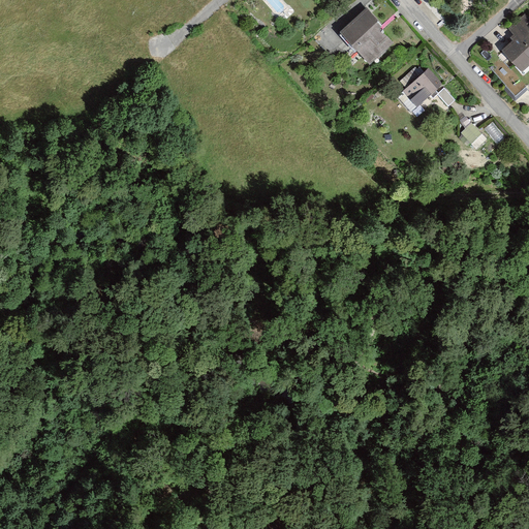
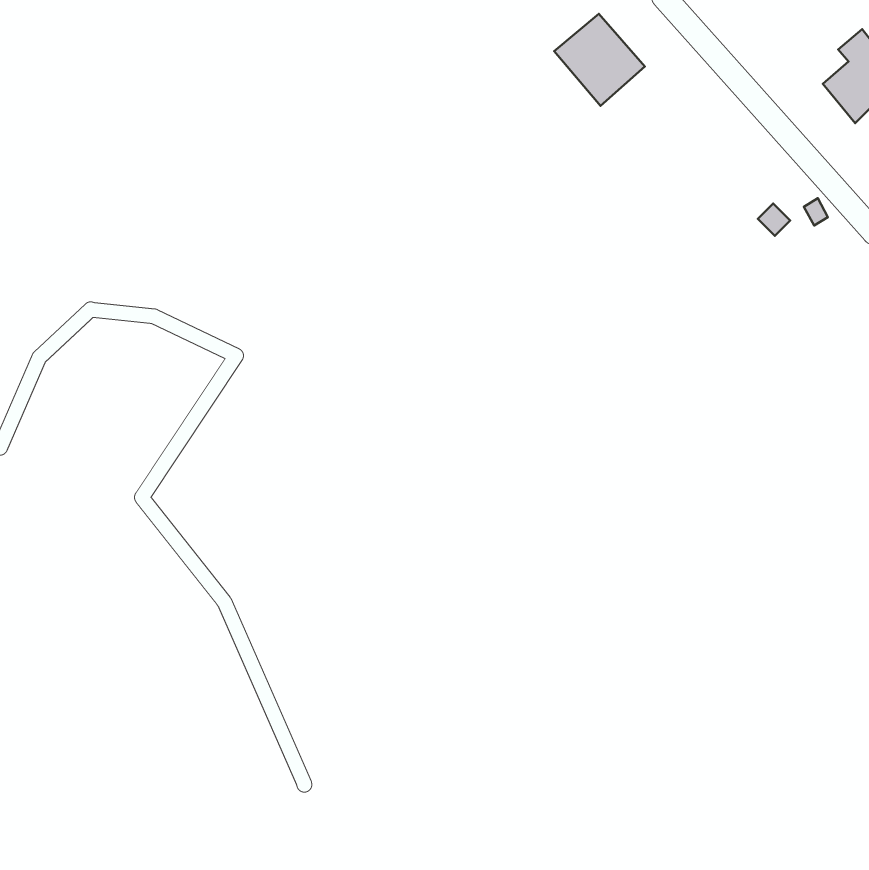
building: [405,67,445,106] -> none

